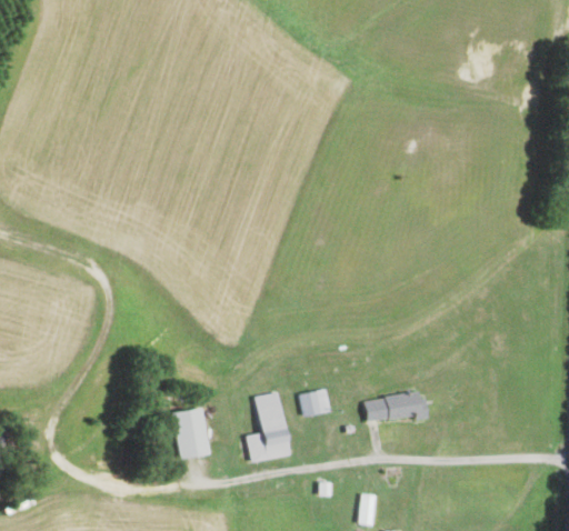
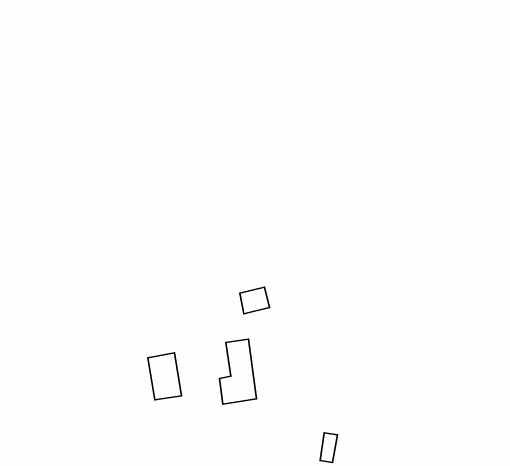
building: [301,388,333,417] -> [240,287,270,314]
building: [363,391,426,422] -> none

